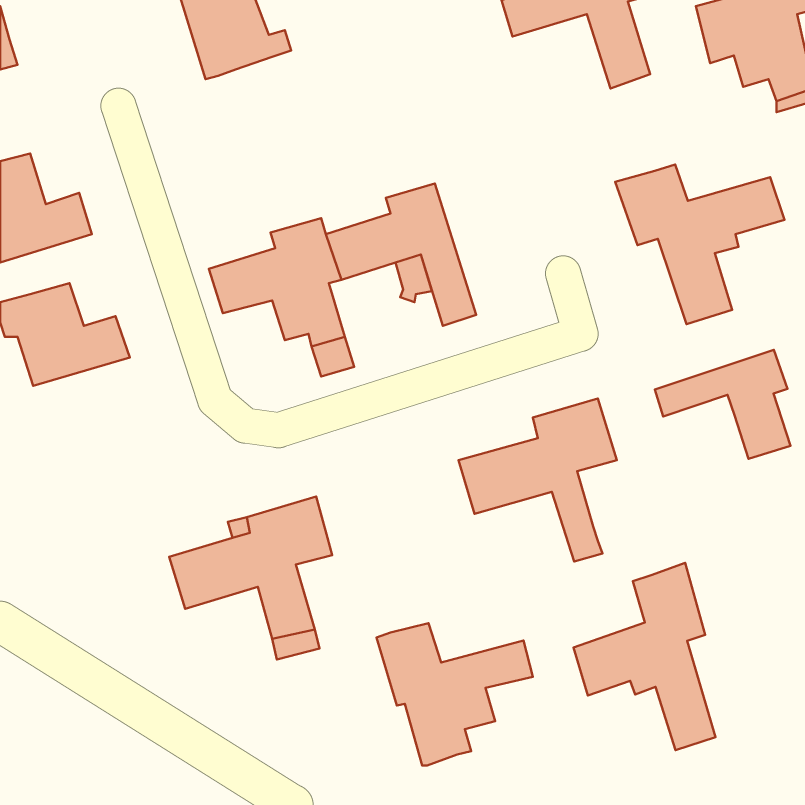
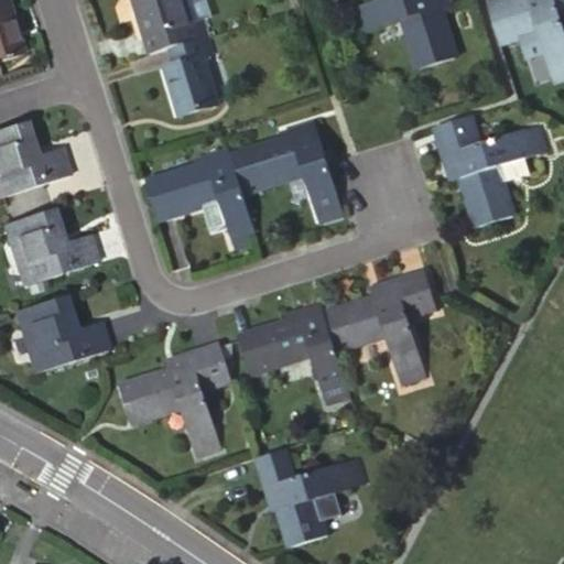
building: none -> [159,35,213,121]
building: [655,350,791,459] -> none
building: none -> [12,285,104,359]
building: none -> [236,308,347,412]
building: [574,563,716,750] -> none

